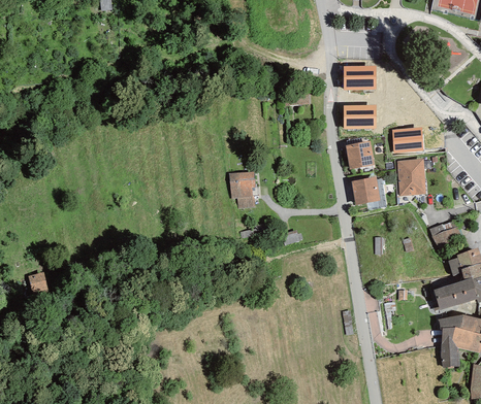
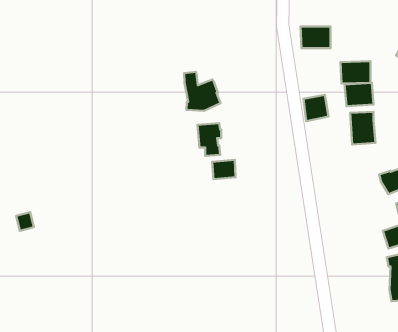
building: [343,104,376,129] -> [341,61,371,84]
building: none -> [184,72,220,111]
building: [351,176,380,204] -> none
building: none -> [212,160,235,179]

